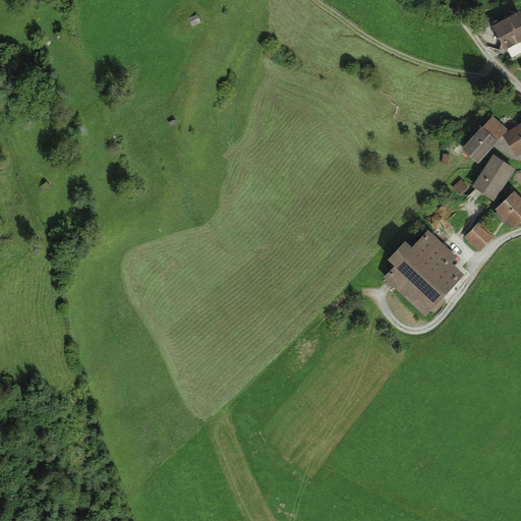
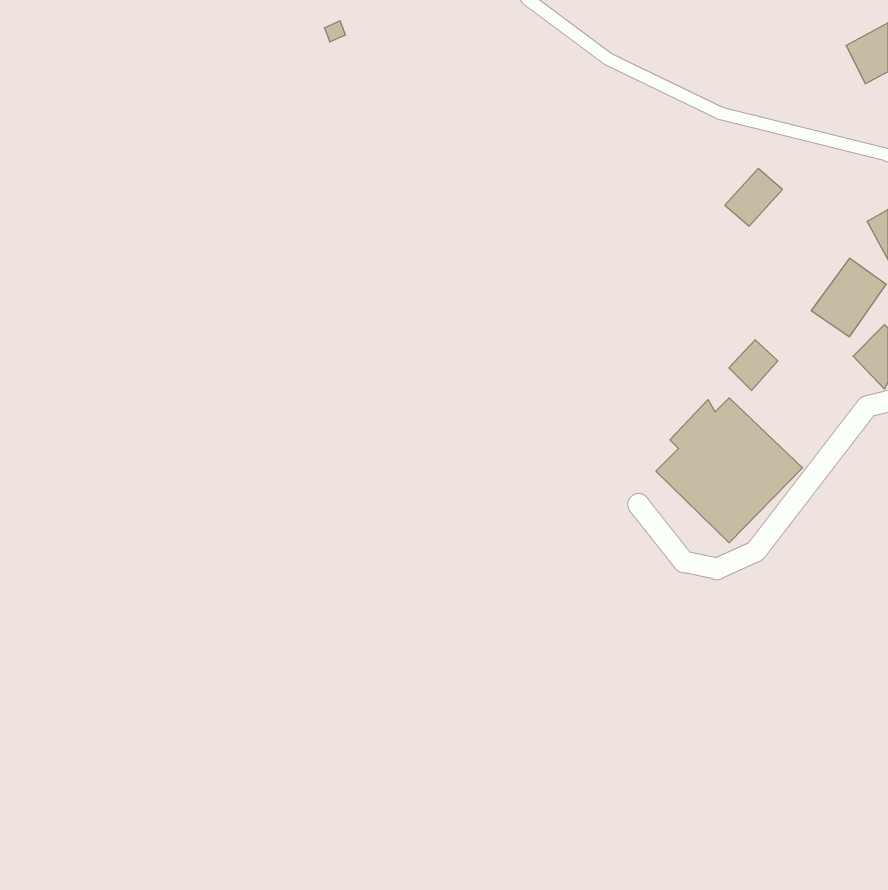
building: [464,125,498,159] -> [725,169,782,226]
building: [465,222,494,251] -> [729,340,778,390]

